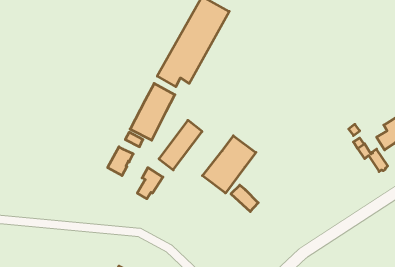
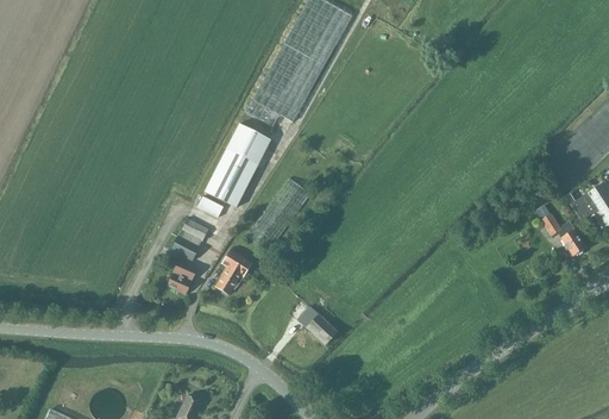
building: [202,136,256,193] -> none
building: none -> [165,261,196,296]
building: [231,185,258,212] -> [296,307,337,346]

